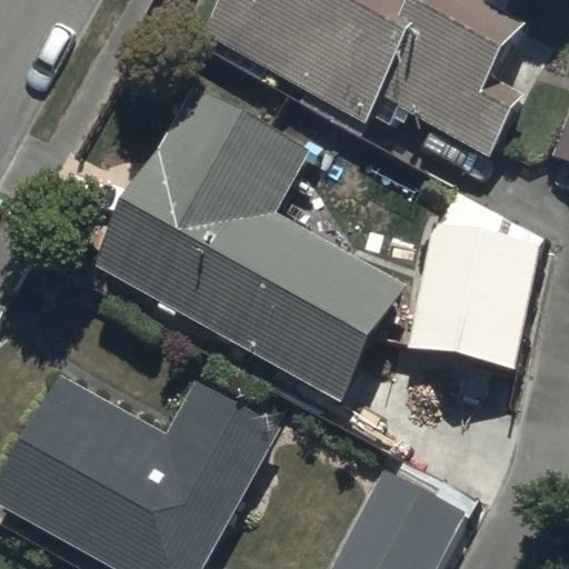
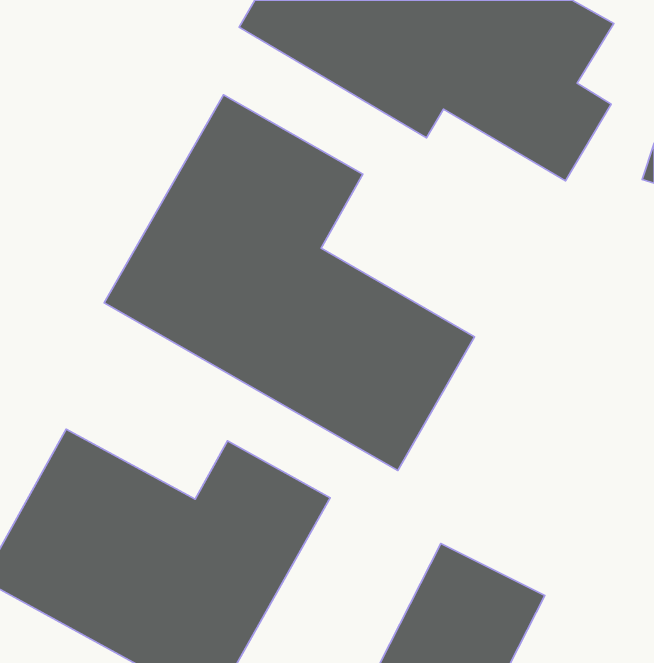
building: [407,217,542,371] -> none

